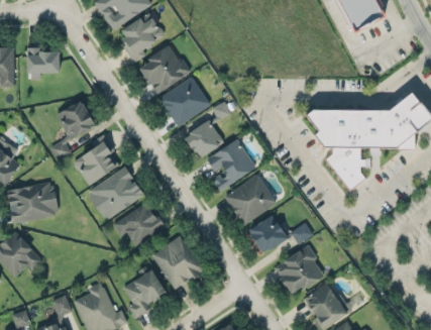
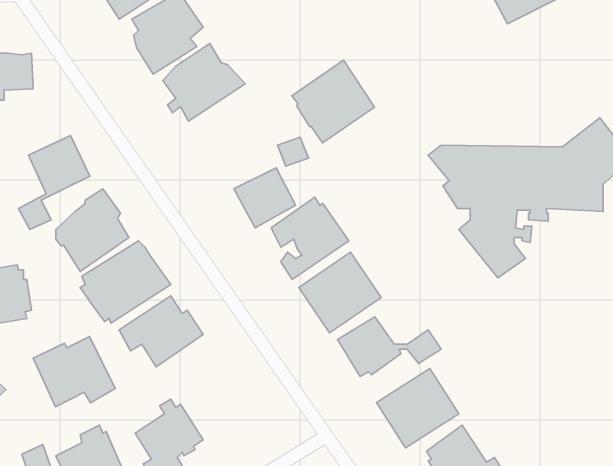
building: [159,76,211,127] -> [292,60,374,143]
building: none -> [33,337,115,407]
building: [152,235,205,290] -> none

